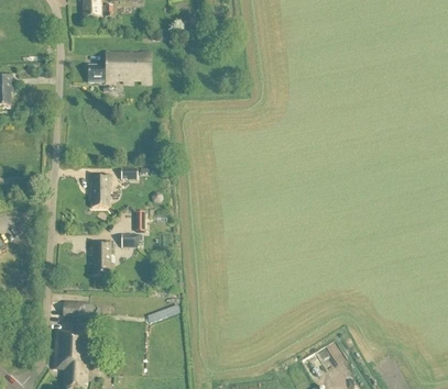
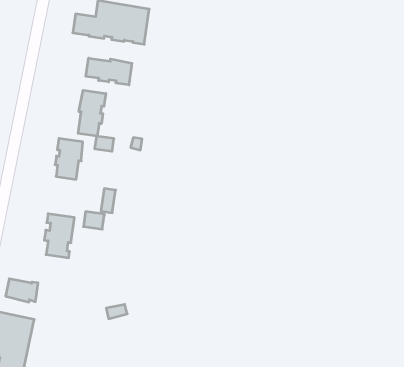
building: none -> [86,58,132,85]
building: none -> [78,90,106,136]

